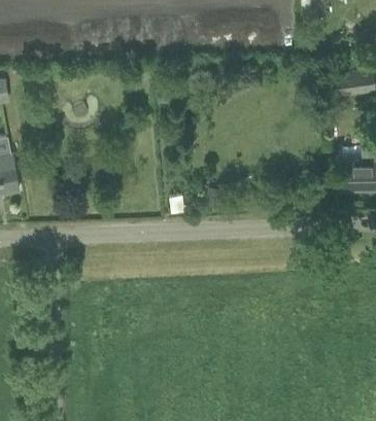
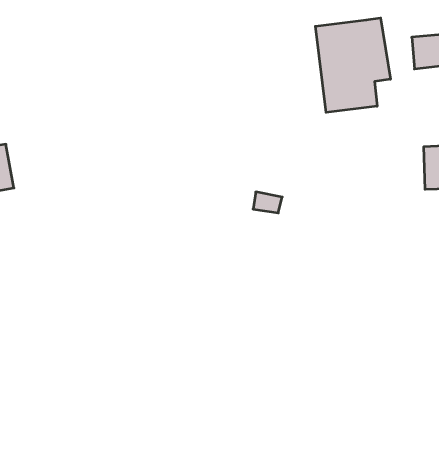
building: none -> [315,18,390,112]

